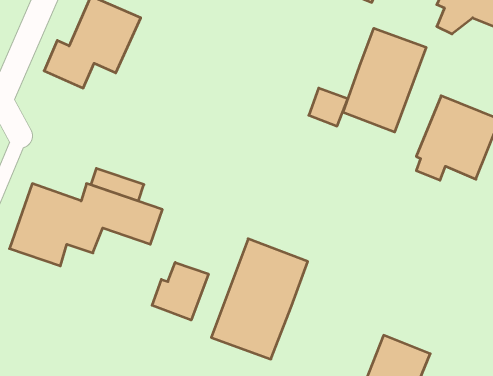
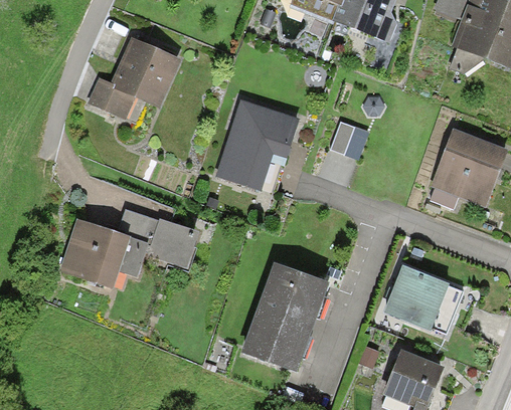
building: [343,28,426,132] -> none
building: none -> [216,101,299,190]
building: none -> [384,263,464,333]
building: [152,262,208,320] -> none

